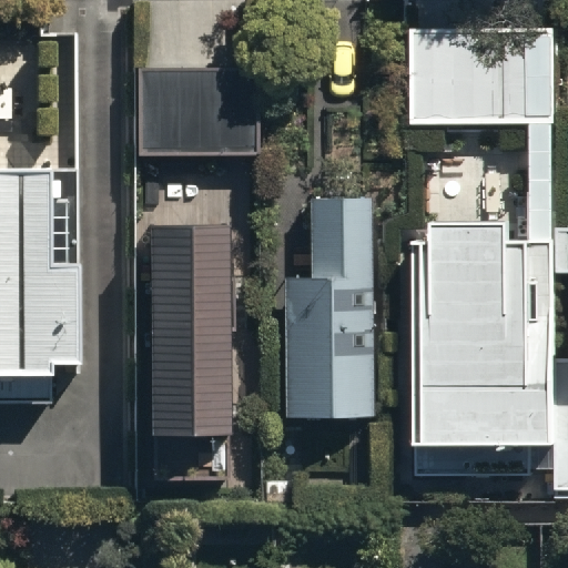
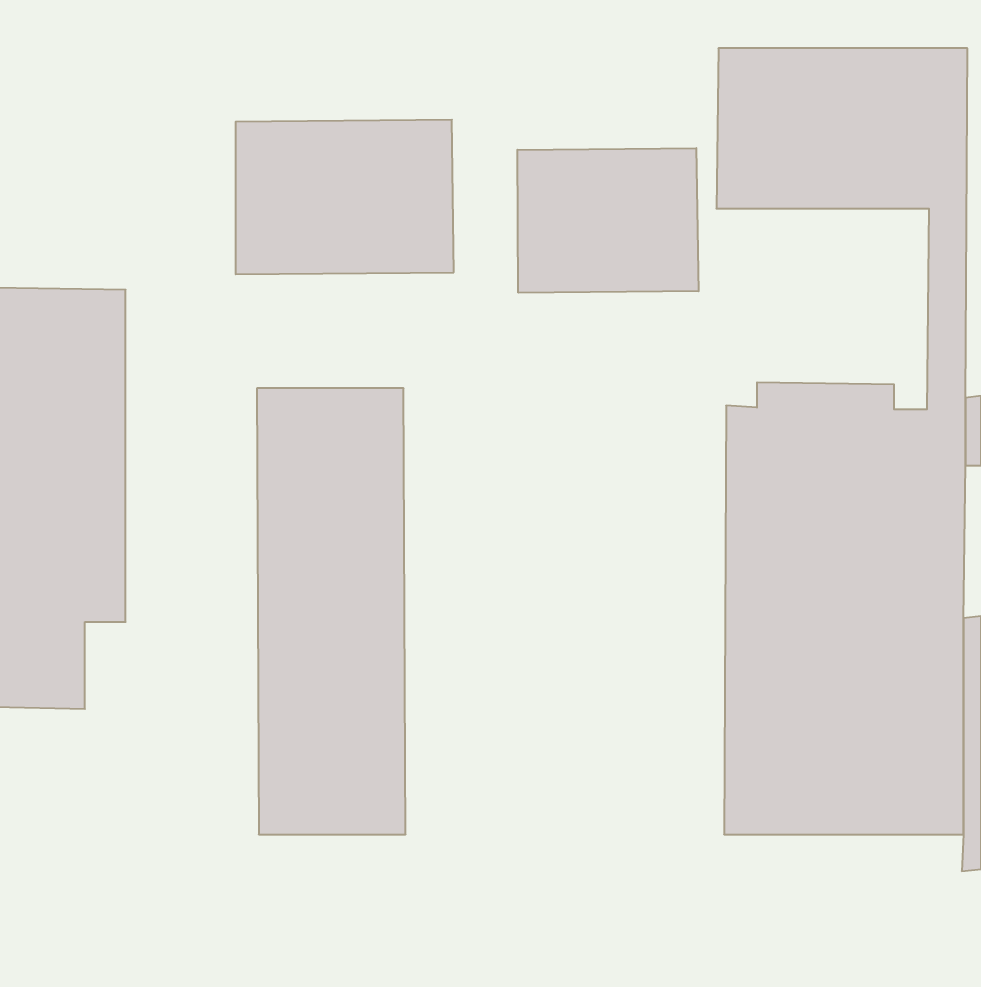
building: none -> [517,148,699,293]
building: [286,203,369,420] -> none

